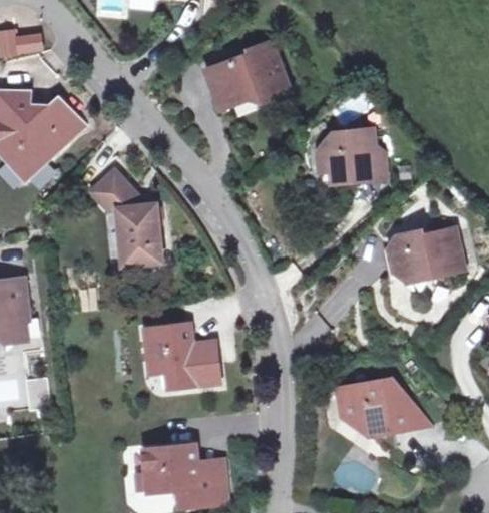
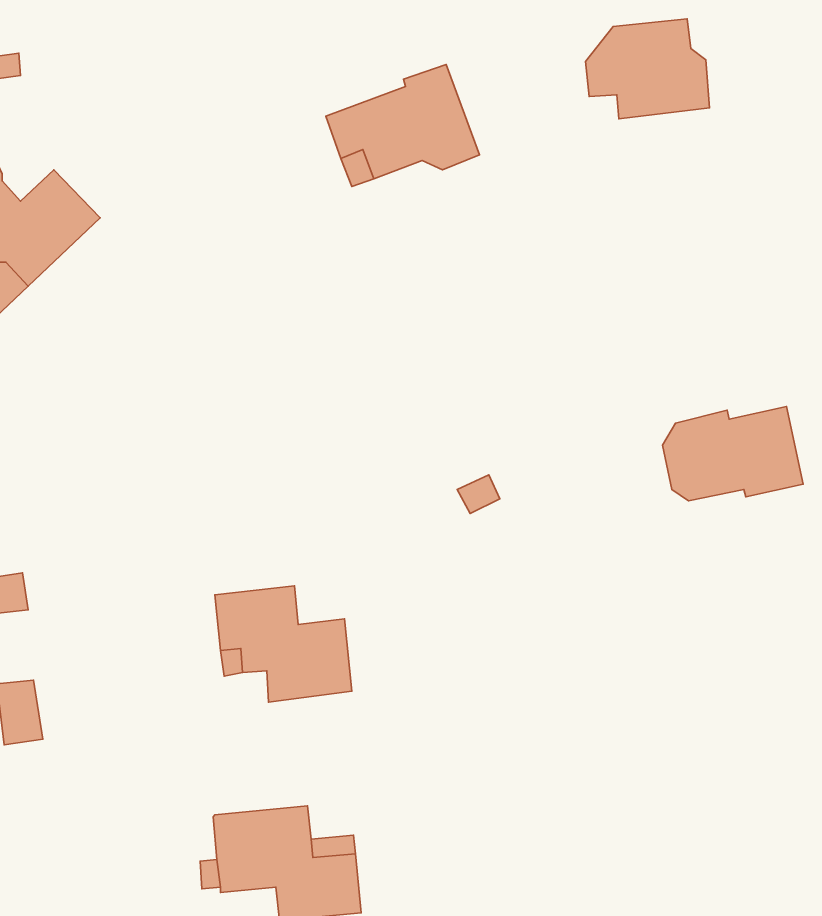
building: [318,129,385,183] -> [585,19,709,119]
building: [92,171,161,266] -> none
building: [337,380,426,435] -> none

